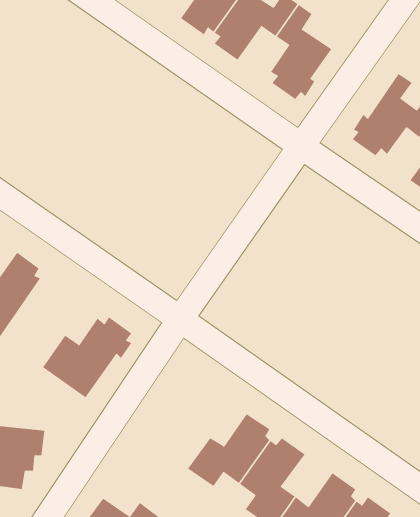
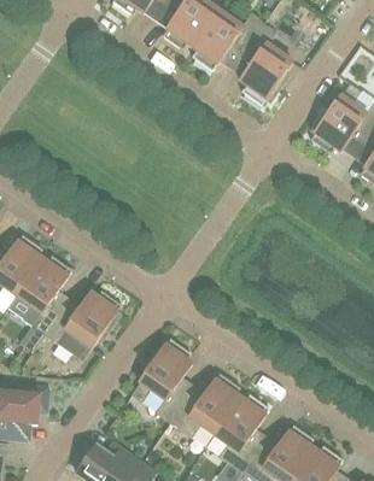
building: none -> [16,254,71,350]
building: none -> [130,338,191,420]

